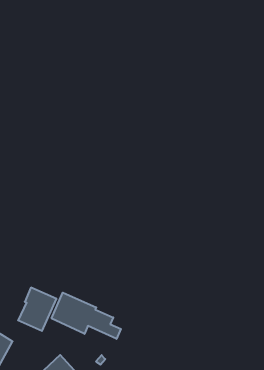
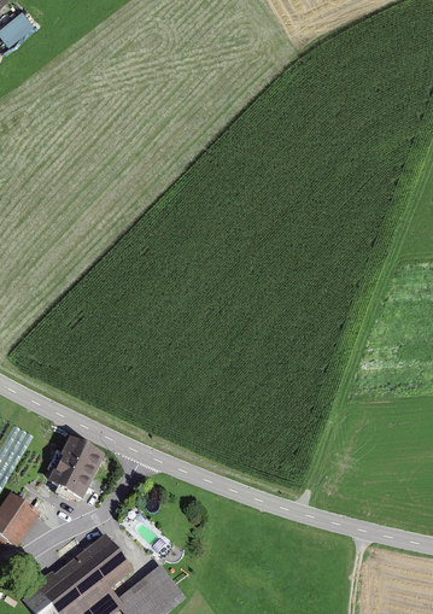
building: [52,293,121,339] -> none

